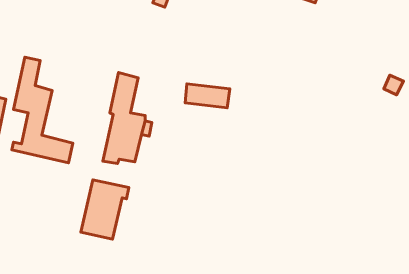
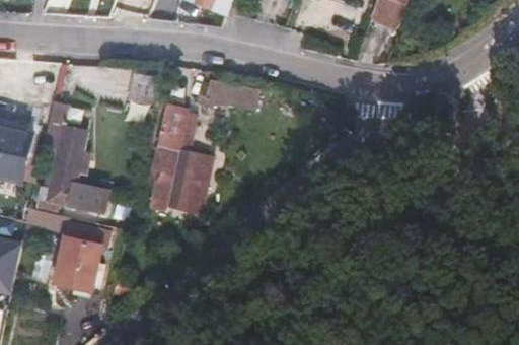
building: [185,84,230,108] -> [207,81,260,110]
building: [81,180,129,239] -> [54,223,110,293]

